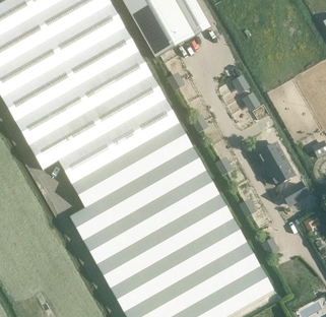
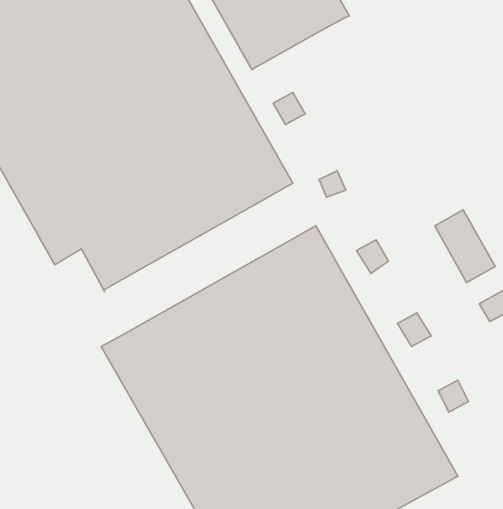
building: [71,122,192,207] -> none

